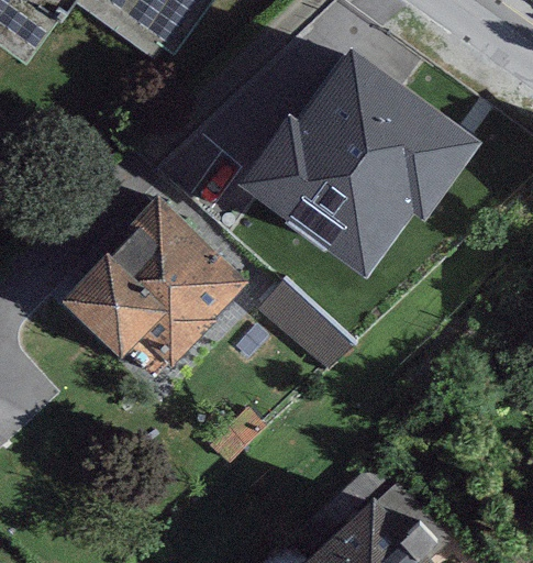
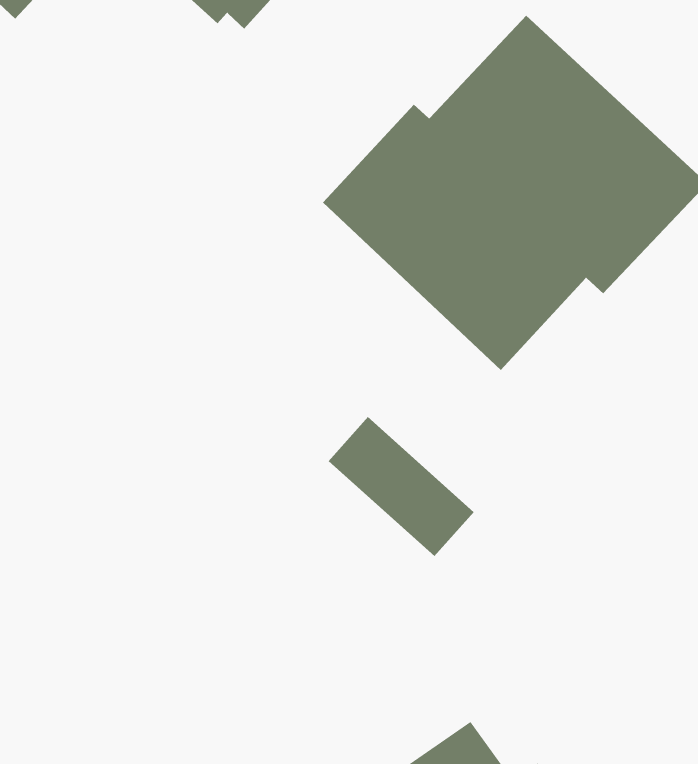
building: [63,199,249,386] -> none

